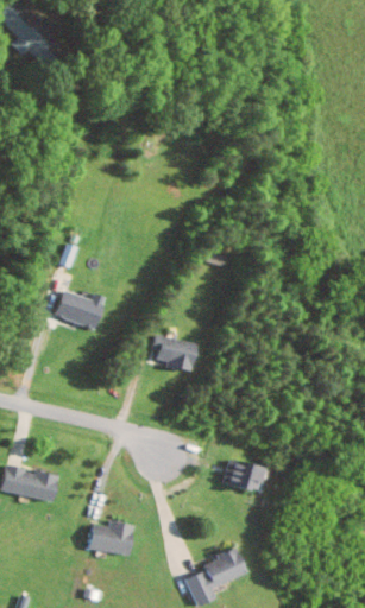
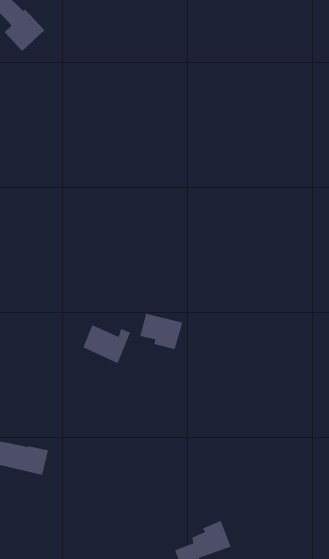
building: [55,290,105,330] -> [83,325,131,364]
building: [224,461,260,493] -> none
building: [89,521,134,557] -> none

